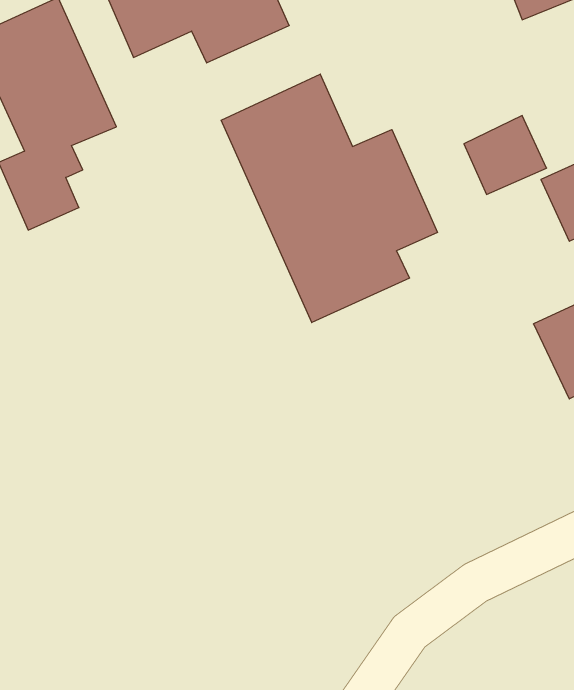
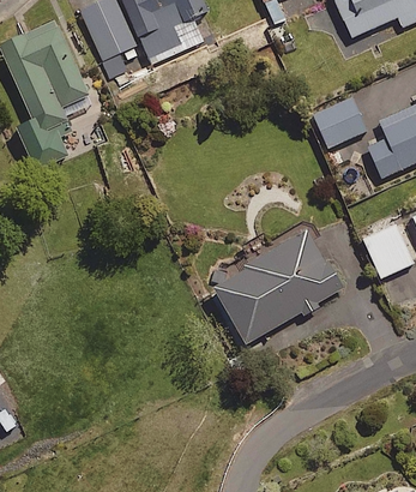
building: [221,74,437,323] -> none
building: none -> [212,226,342,343]

